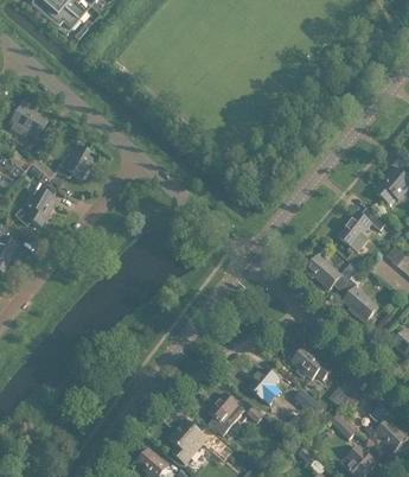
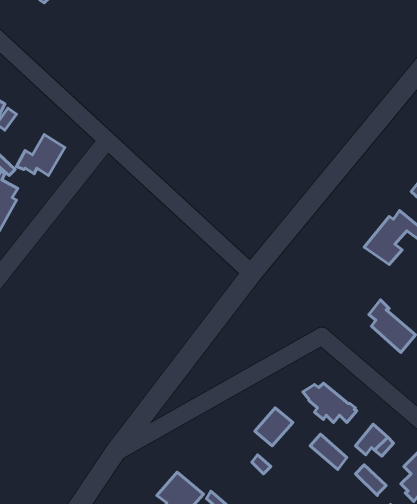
building: [305,255,358,291] -> none
building: [206,392,243,434] -> none

